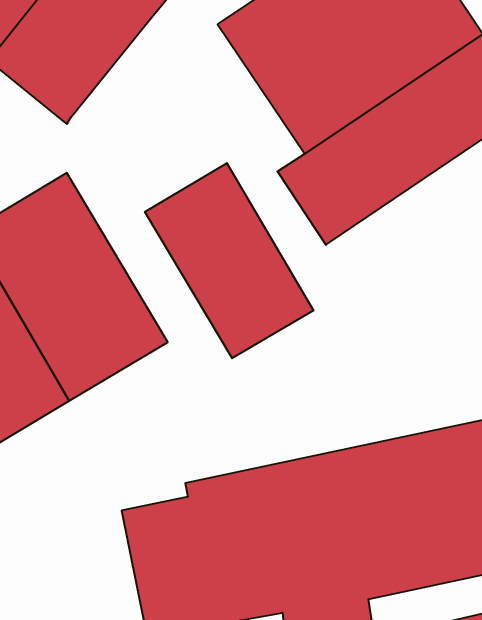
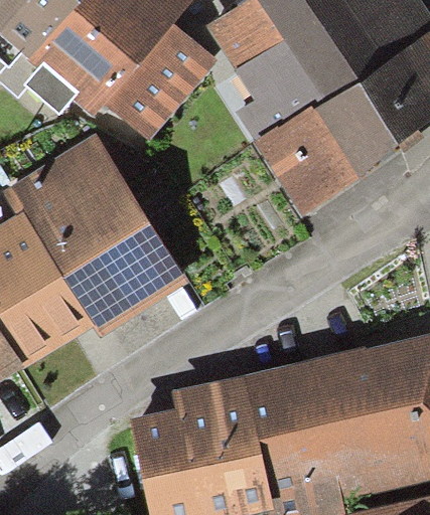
building: none -> [90,21,202,140]
building: [145,163,313,358] -> none

